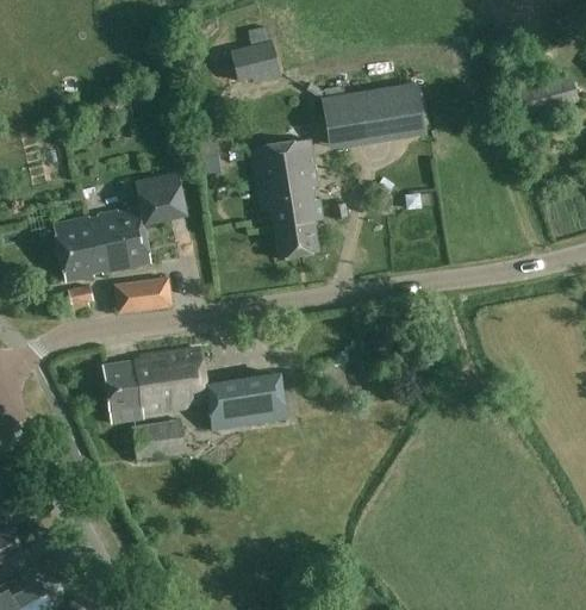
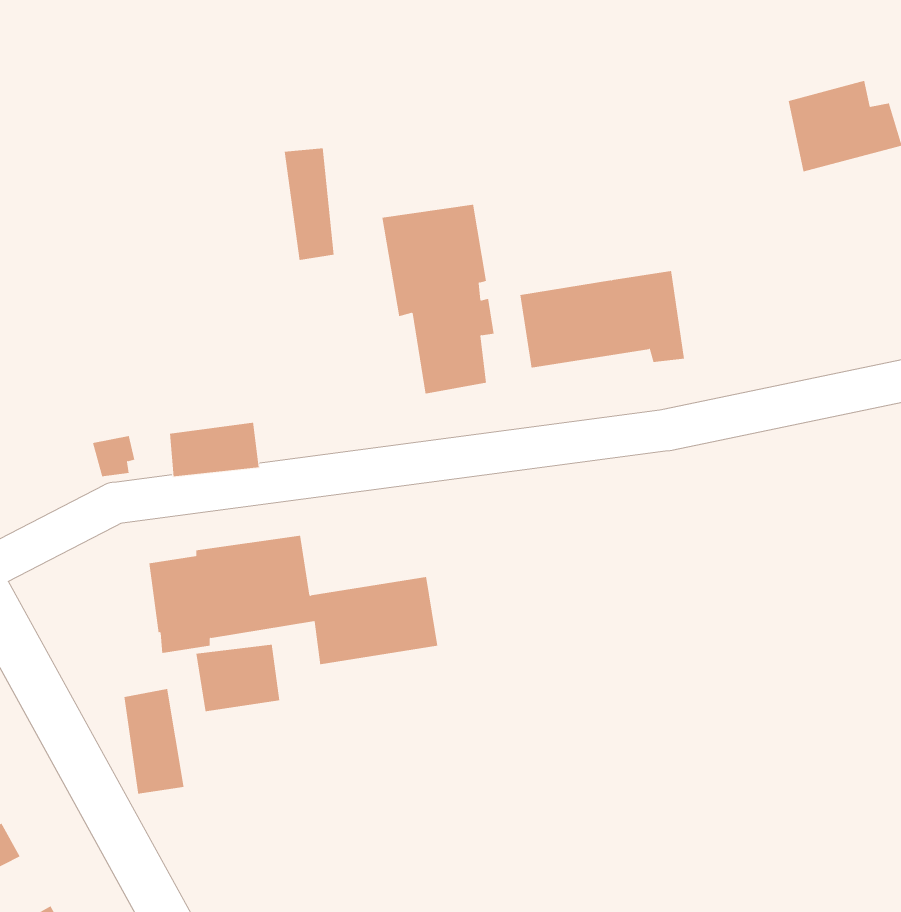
building: [230,25,280,83] -> none
building: [322,80,426,142] -> [519,271,685,368]
building: [57,173,189,281] -> none
building: none -> [124,688,184,794]

